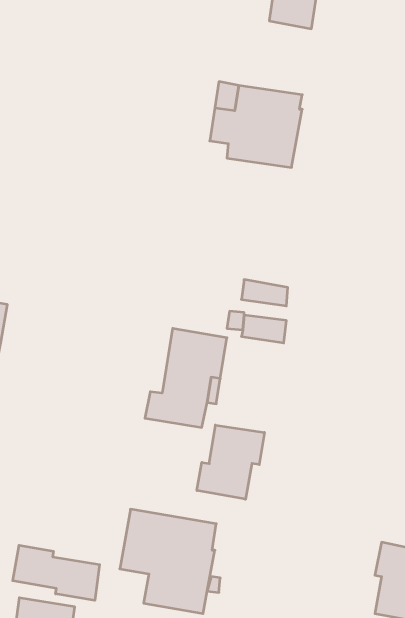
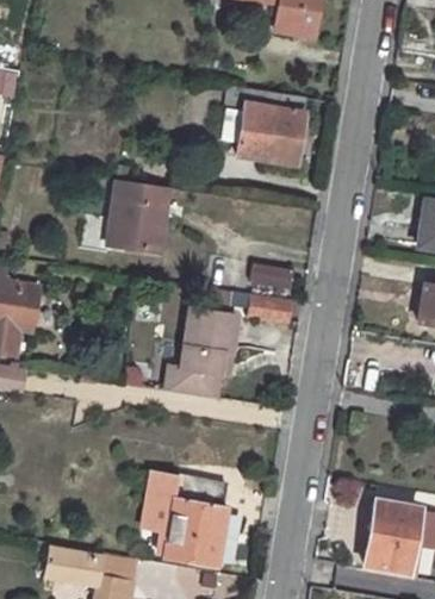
building: none -> [108,180,169,251]
building: [197,425,264,499] -> none
building: [13,545,100,600] -> none

